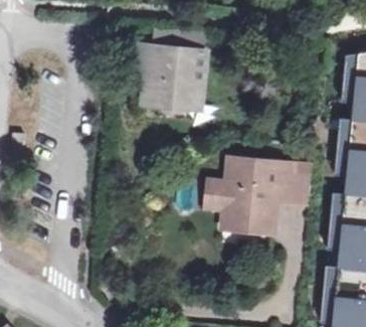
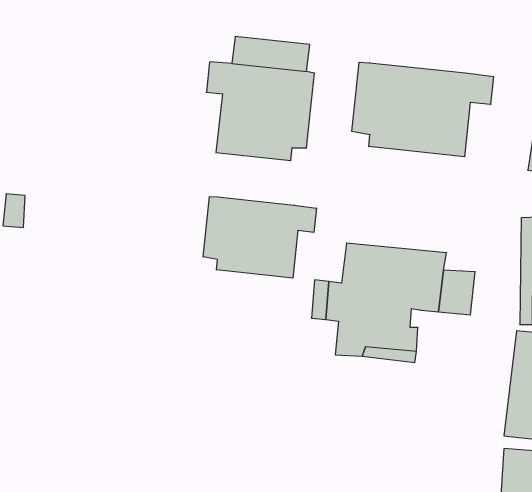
building: none -> [352,62,494,157]
building: none -> [203,197,316,278]

